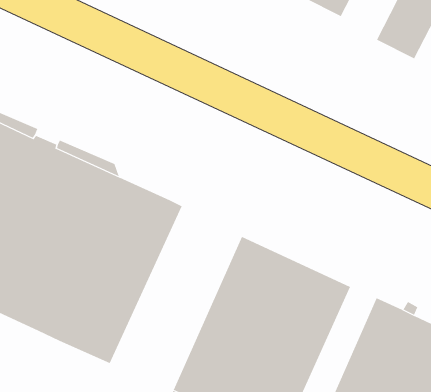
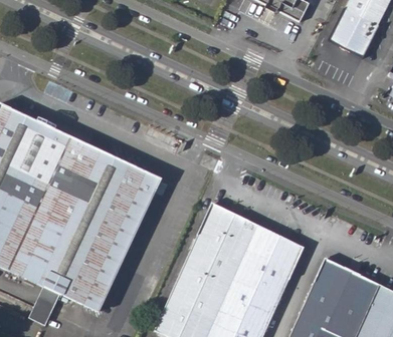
building: none -> [28,284,61,326]

